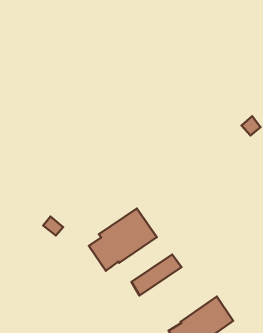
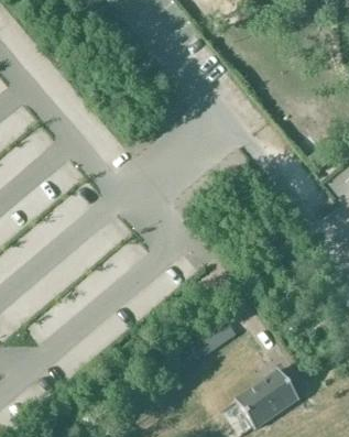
building: [89,209,157,271] -> none

